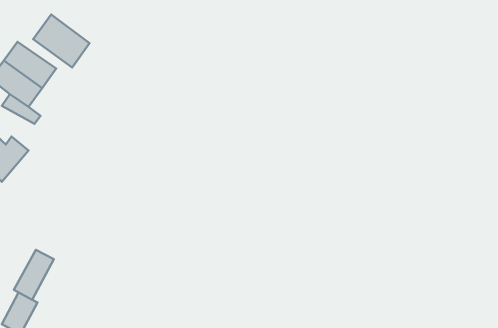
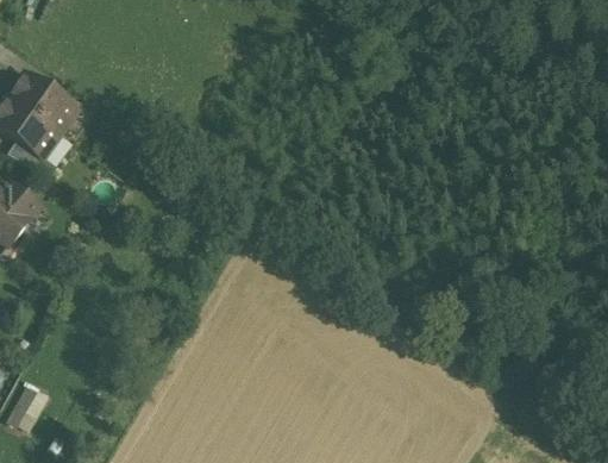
building: [33,14,89,67] -> none
building: [14,250,54,300] -> none

